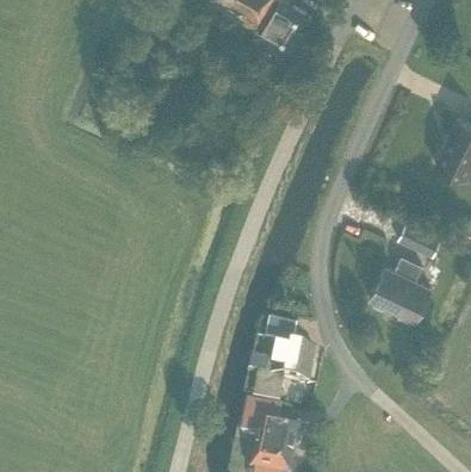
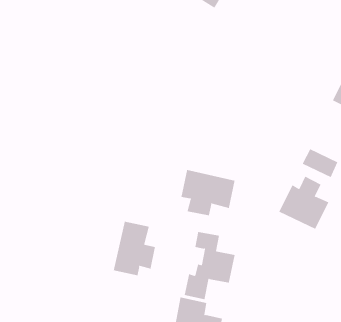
building: none -> [181,169,235,216]
building: none -> [113,221,156,276]

